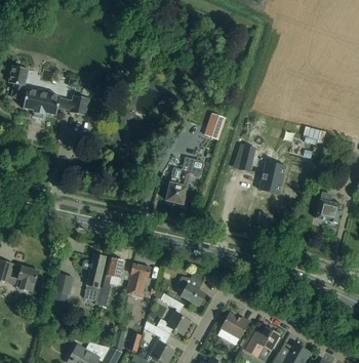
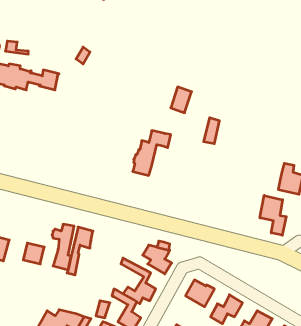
building: [260,163,286,197] -> none
building: none -> [260,195,286,235]
building: [126,264,152,297] -> none

